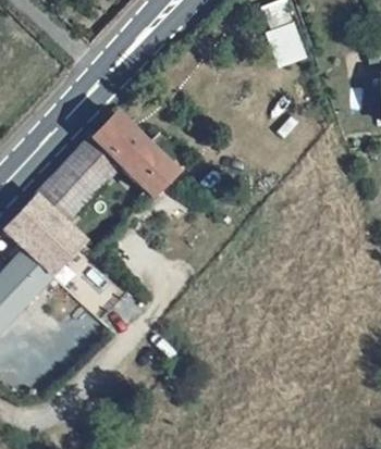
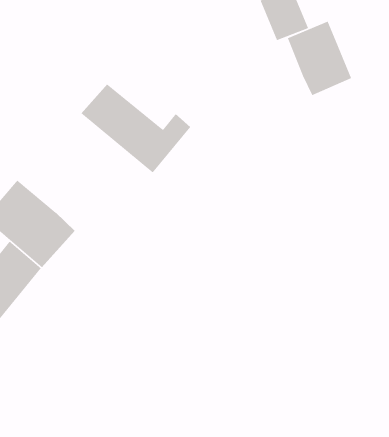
building: none -> [287,20,352,96]
building: [37,136,124,225] -> none

